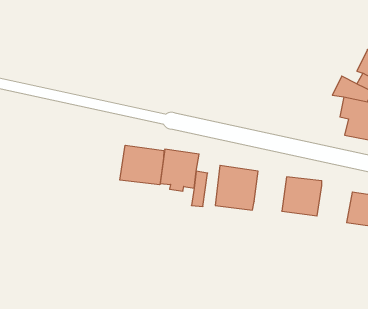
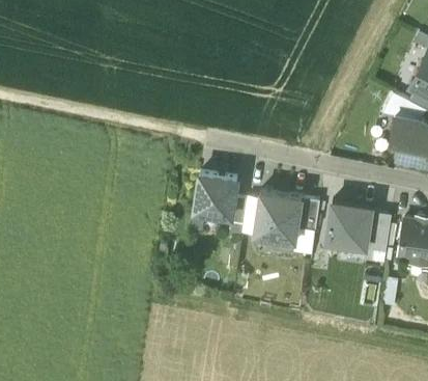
building: [120,145,164,185] -> none
building: none -> [297,197,320,233]
building: none -> [365,213,391,261]

